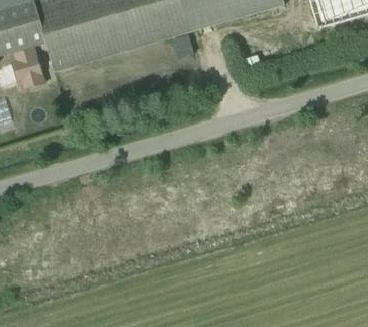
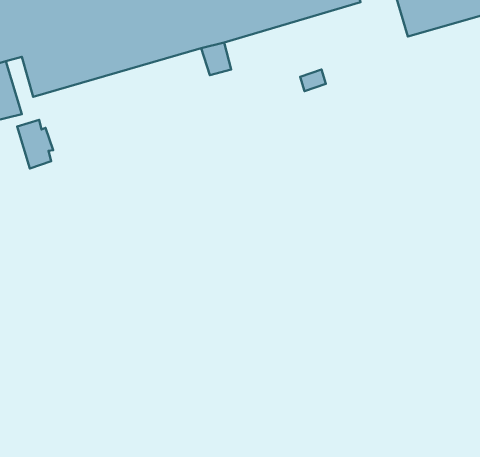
building: none -> [17,120,53,169]

